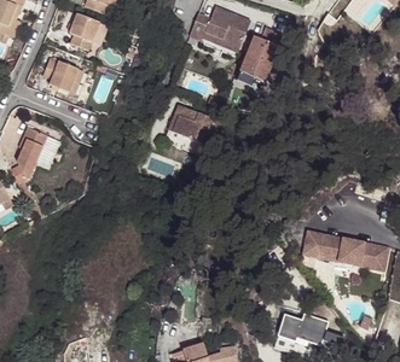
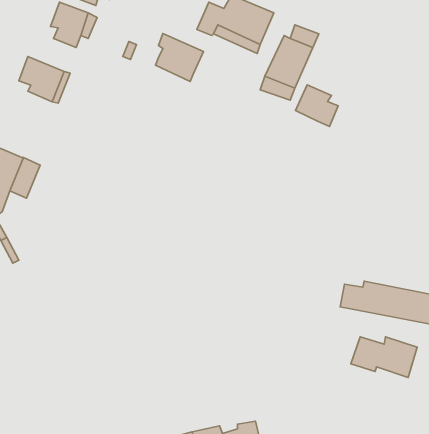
building: none -> [296,85,338,126]
building: [167,101,205,140] -> [155,33,204,82]
building: [276,314,329,346] -> [351,337,417,377]

